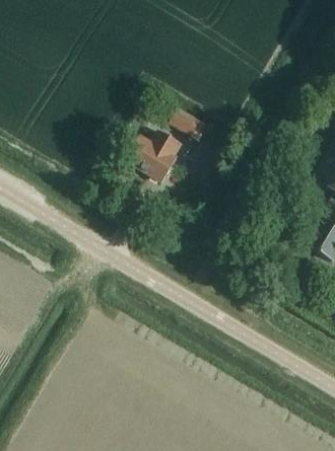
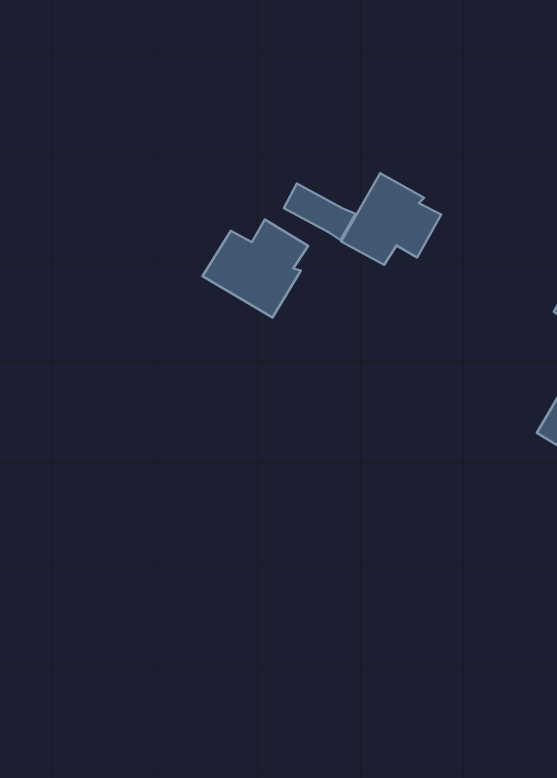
building: none -> [341,173,441,265]

